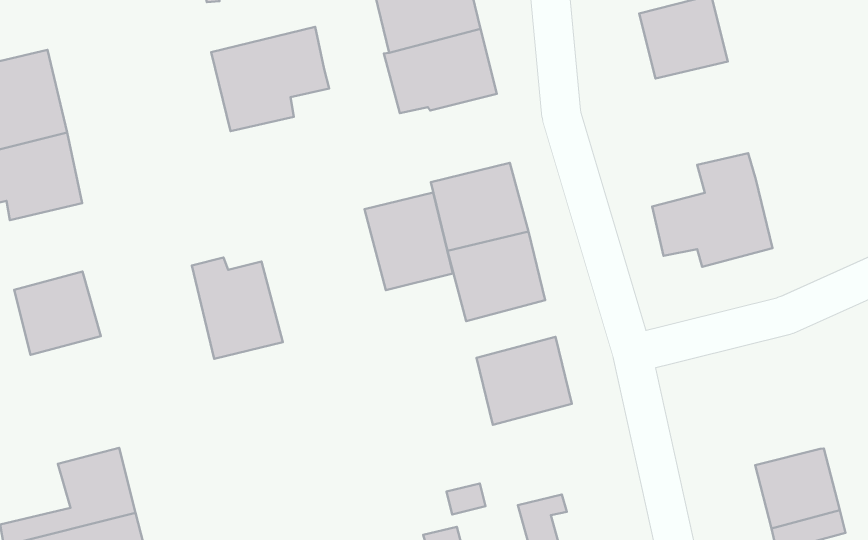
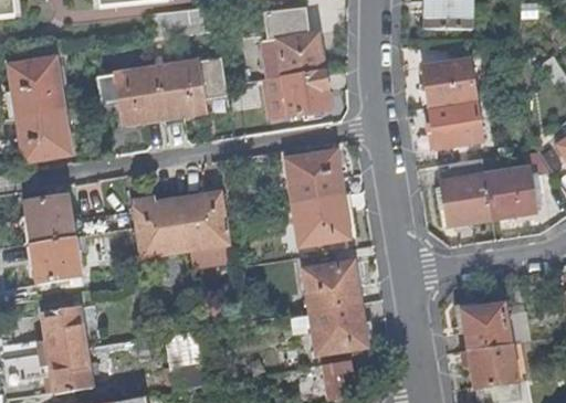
building: none -> [96,67,165,124]
building: none -> [429,100,481,148]
building: none -> [485,168,535,218]
building: [365,193,453,290] -> [177,192,228,250]
building: none -> [30,236,81,284]
building: none -> [455,301,511,350]
building: none -> [290,303,374,353]

